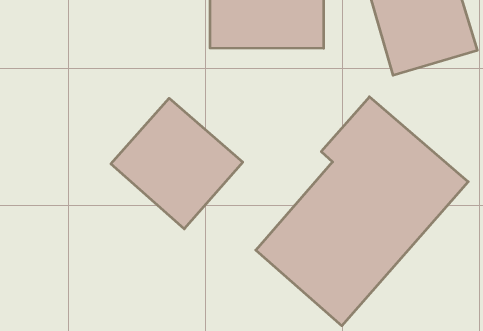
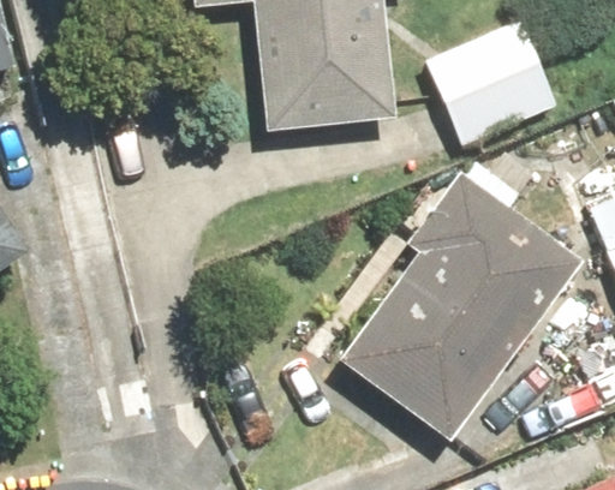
building: [111,98,243,229] -> none

